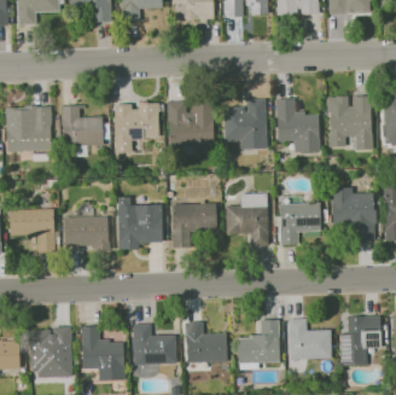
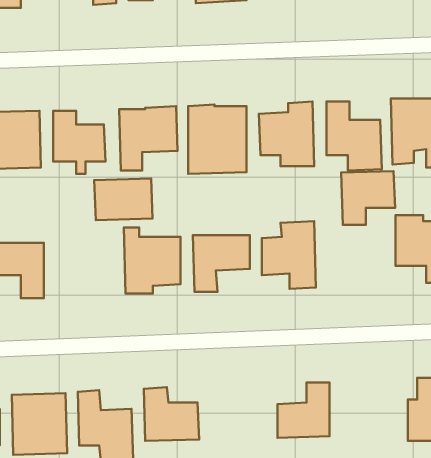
building: [279,202,321,244] -> [341,171,395,225]
building: [63,215,109,248] -> [94,179,153,220]
building: [287,318,332,359] -> none
building: [185,321,227,362] -> none

